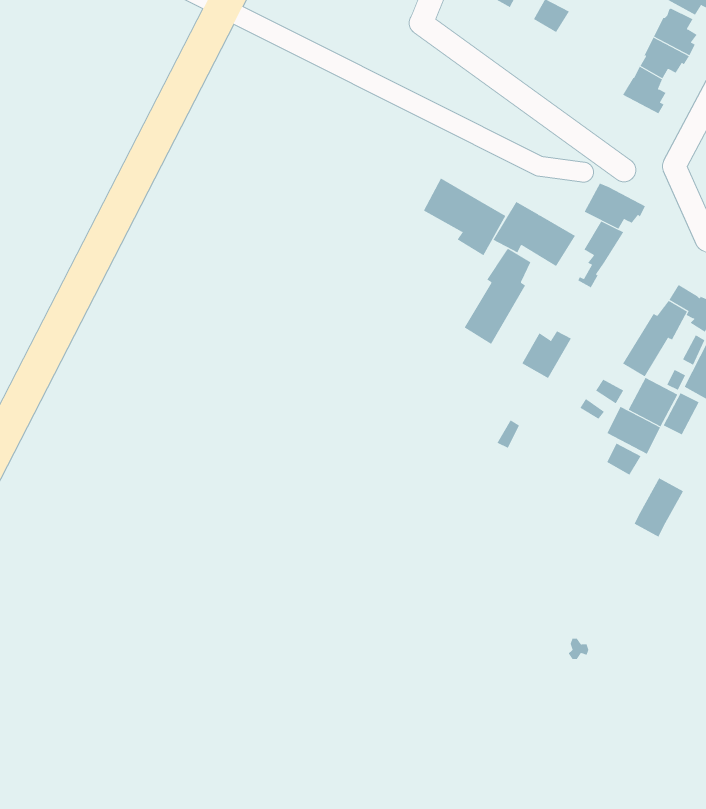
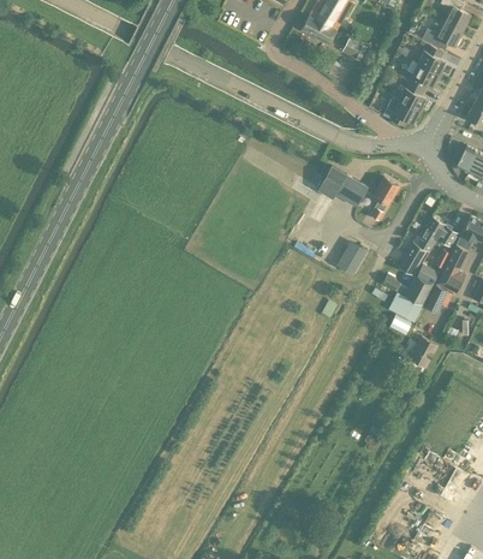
building: [423,178,506,256] -> none
building: [584,183,646,229] -> [382,96,421,125]
building: [464,248,531,345] -> none

